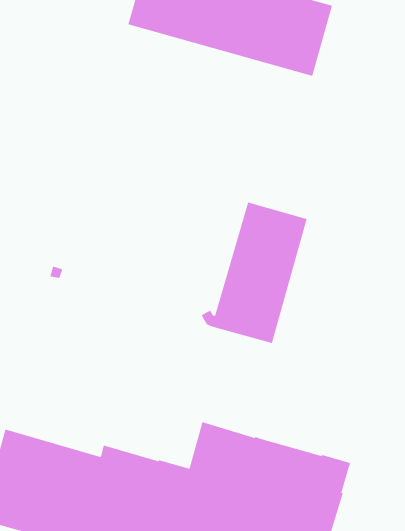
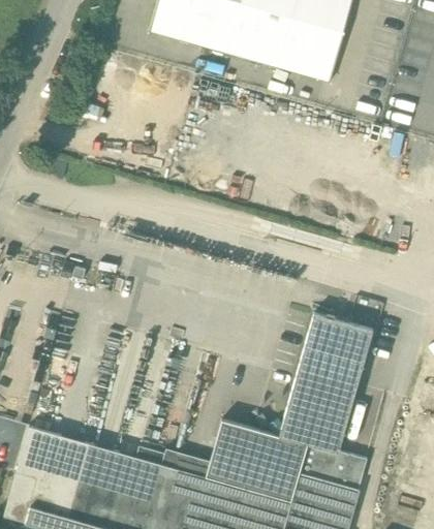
building: [201,202,308,344] -> [269,312,373,450]

